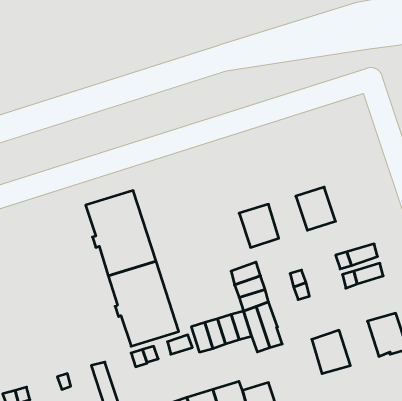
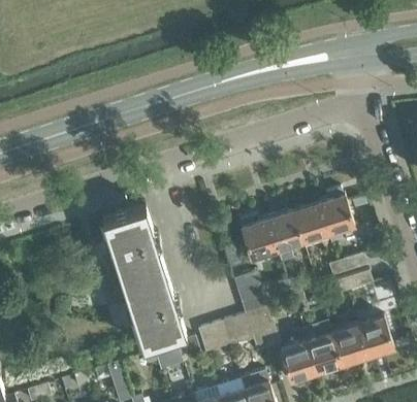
building: none -> [318,196,354,235]
building: none -> [267,212,302,262]
building: none -> [331,326,367,366]
building: none -> [280,342,316,383]

